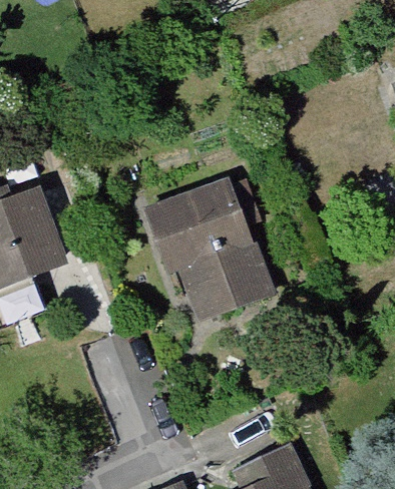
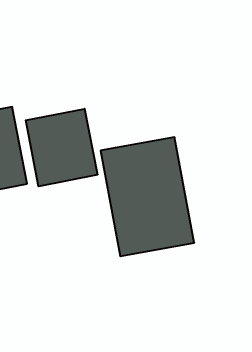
building: none -> [26,109,97,186]

